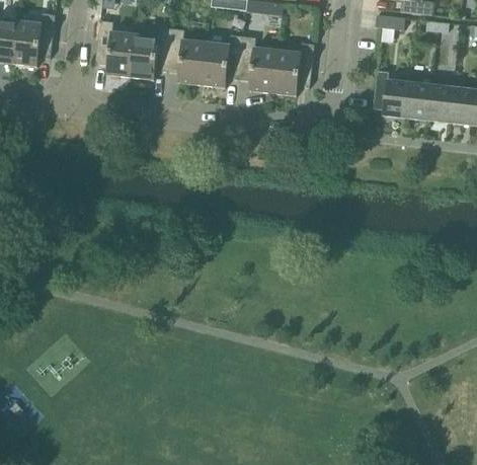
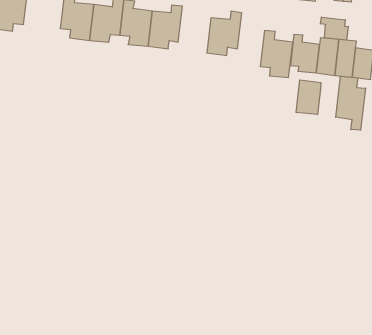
building: [238,35,277,92] -> [260,31,293,77]
building: none -> [320,17,348,40]
building: none -> [336,76,365,130]
building: none -> [296,80,321,115]

